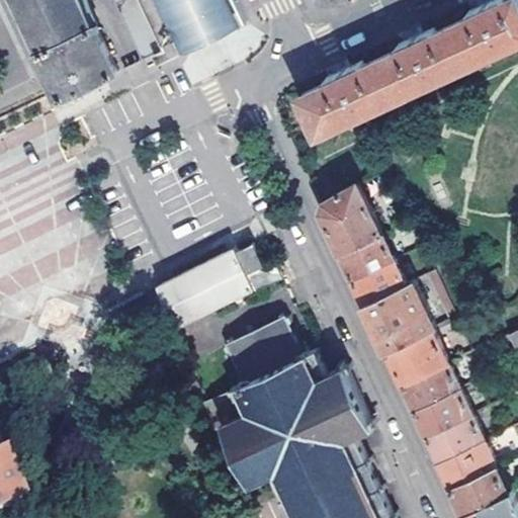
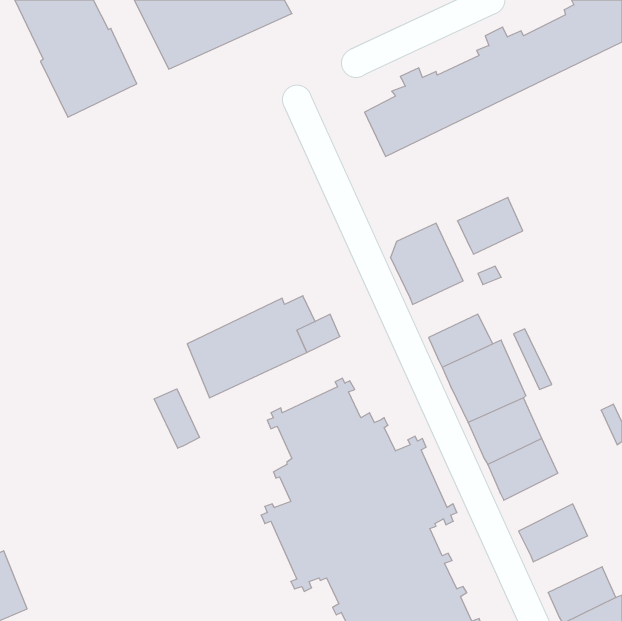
building: [339,238,393,284] -> [457,197,523,254]
building: none -> [154,389,200,448]
building: [414,396,470,443] -> none
building: [438,447,495,494] -> none

